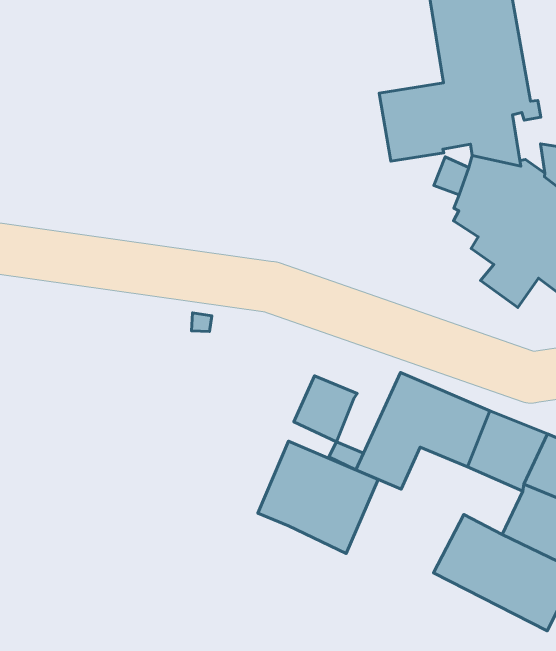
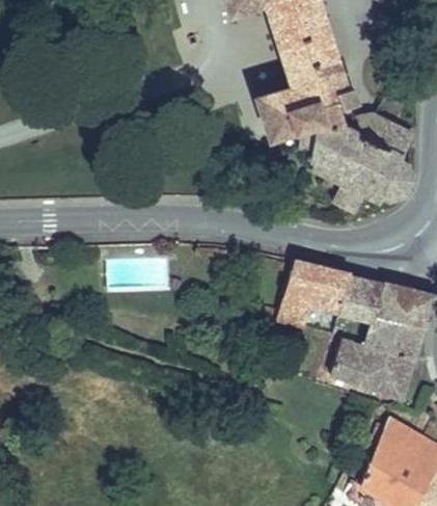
building: [294,376,357,442] -> none
building: [258,441,378,553] -> none

